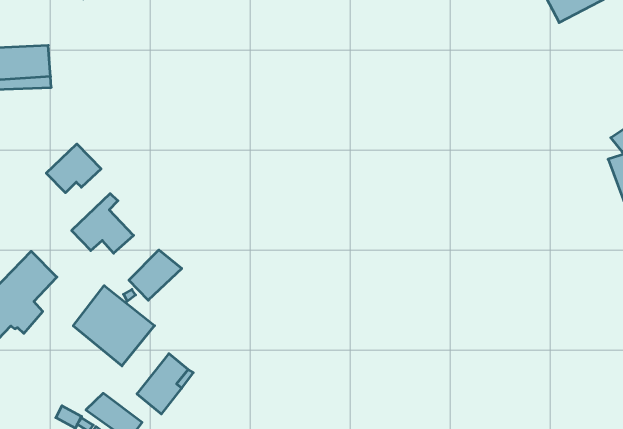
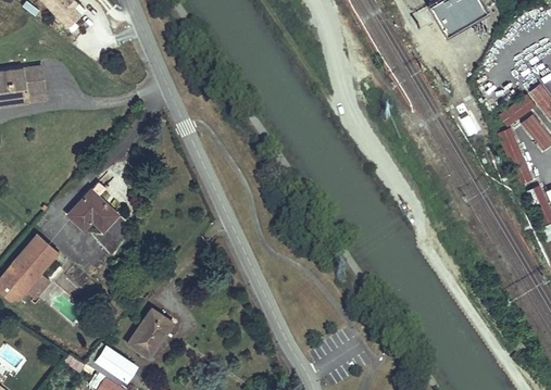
building: [46,144,101,193] -> none
building: [129,250,182,300] -> none
building: [73,286,155,366] -> none

